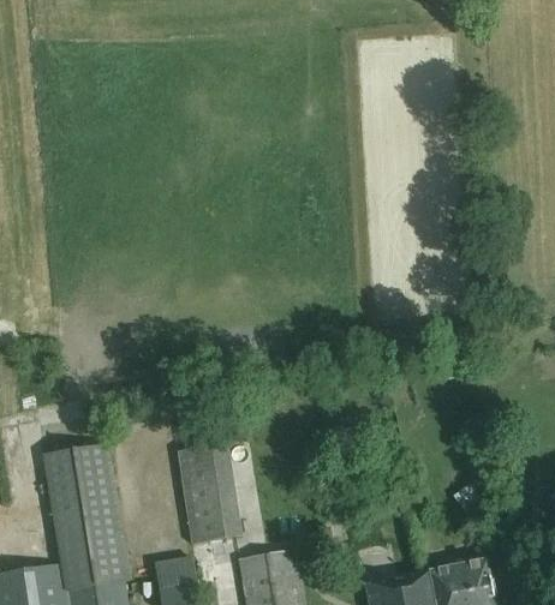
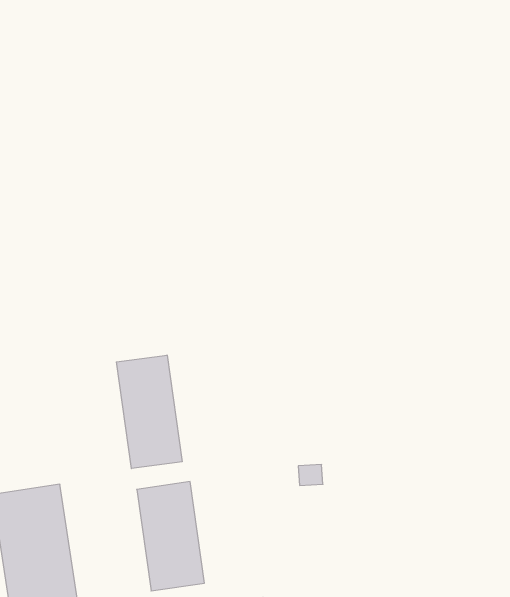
building: none -> [116,355,182,469]

